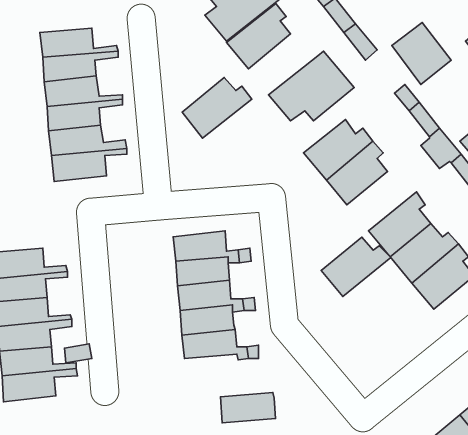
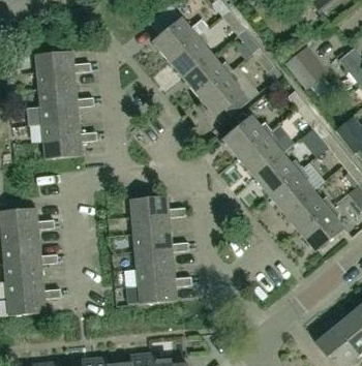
building: [182,77,252,138] -> [183,55,233,98]
building: [321,237,391,297] -> [253,153,303,195]
building: [221,392,276,423] -> [138,283,177,305]

